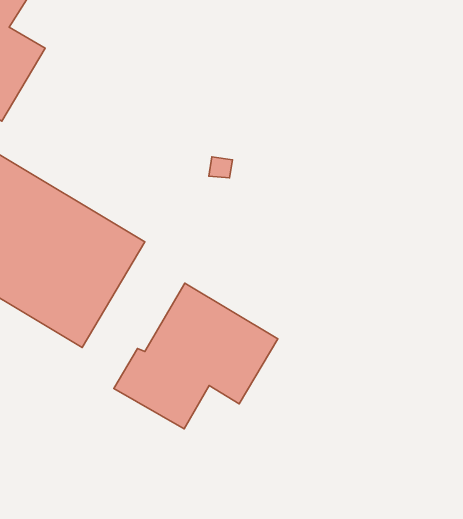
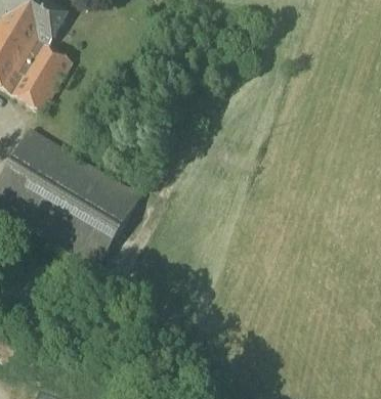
building: [114,283,278,429] -> none

